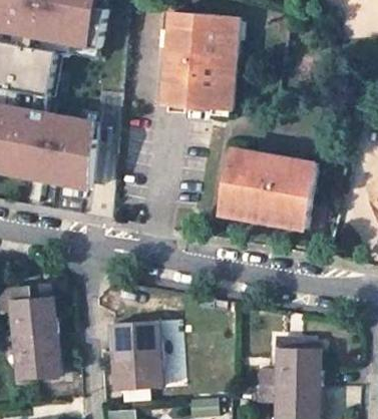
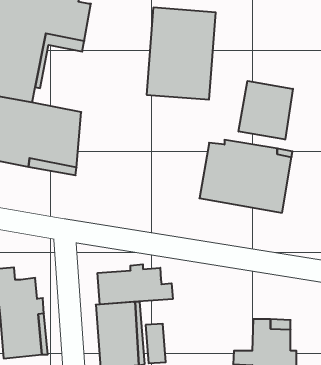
building: none -> [239,81,293,140]
building: none -> [98,264,173,304]

